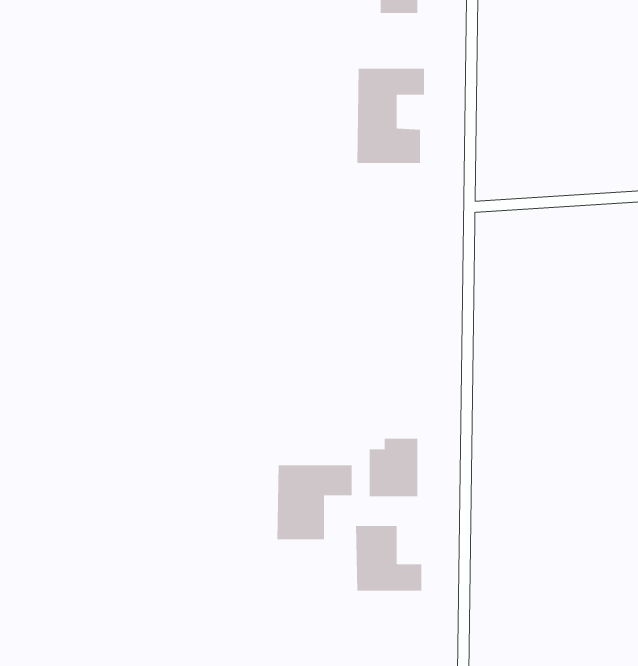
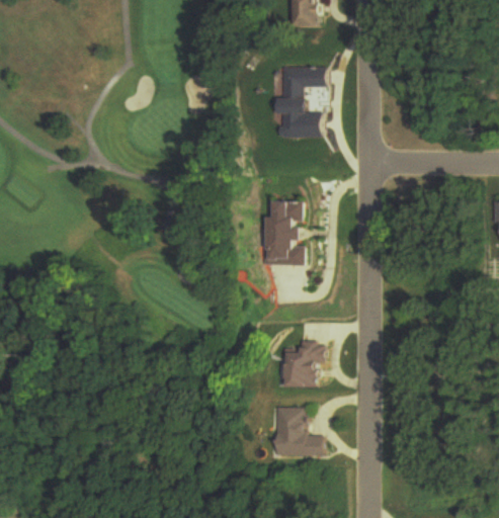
building: none -> [265,202,307,266]
building: [277,465,352,540] -> none

